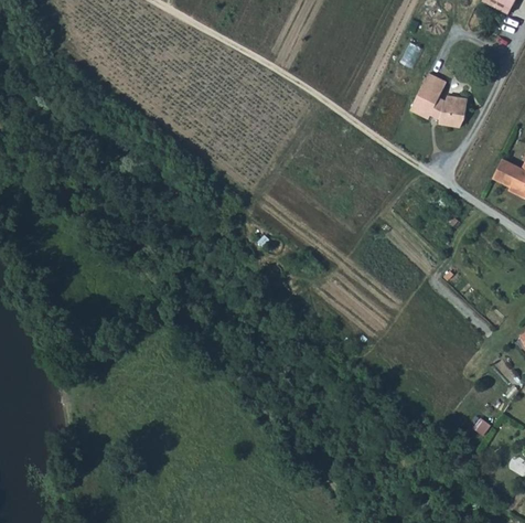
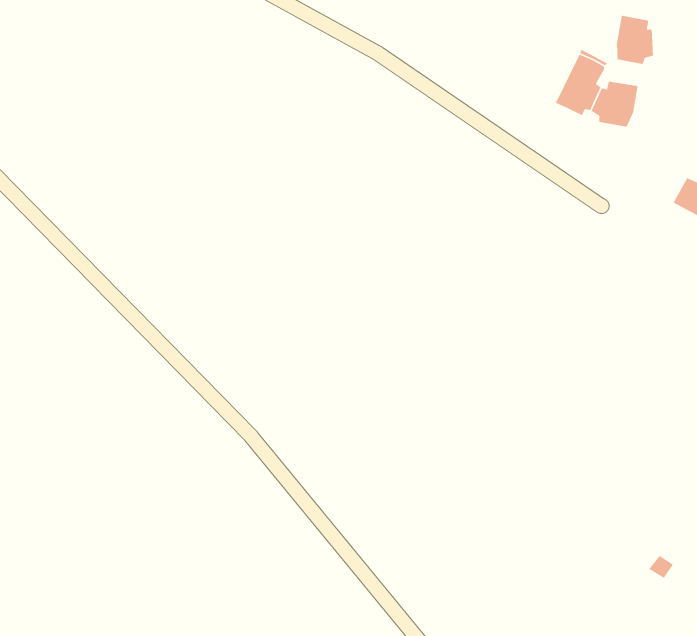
building: none -> [616,15,654,65]

